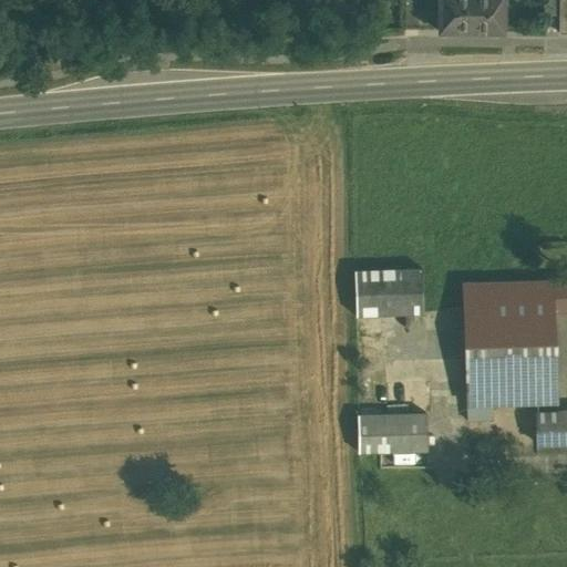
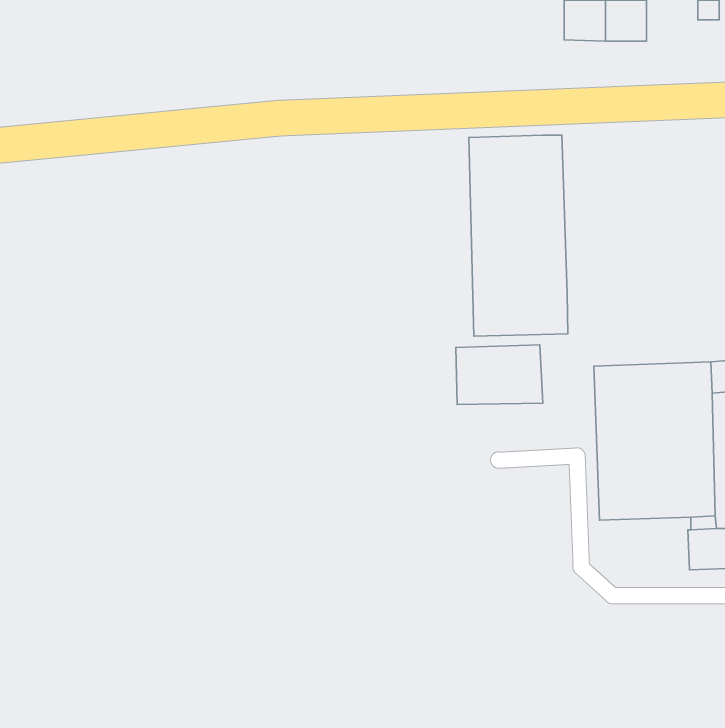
building: none -> [469,135,568,336]
building: [360,413,430,453] -> none

